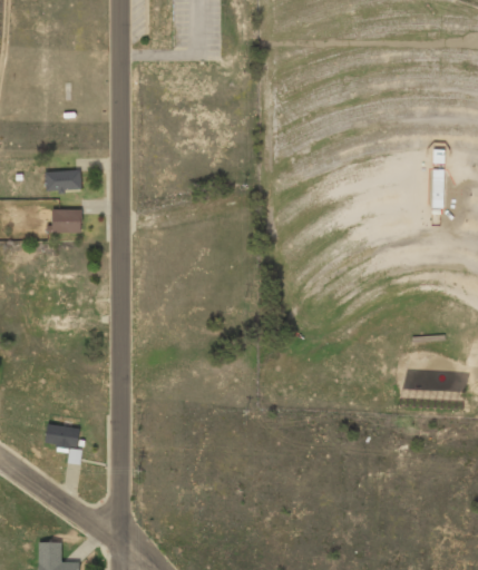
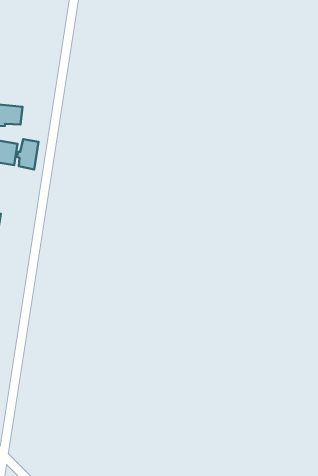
building: none -> [17,139,39,170]

